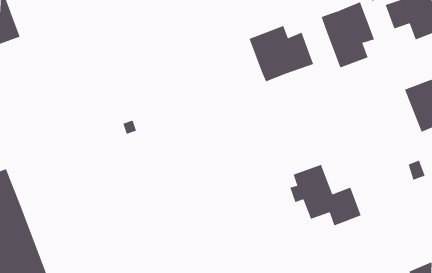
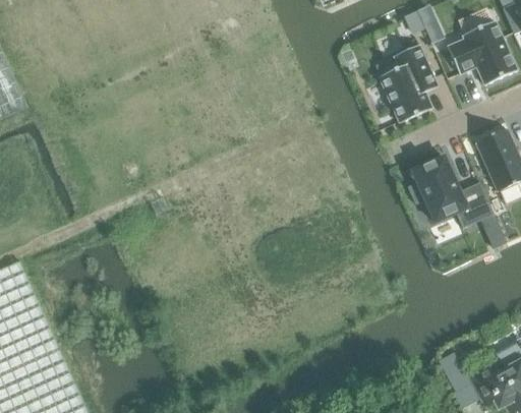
building: [249,25,314,82] -> none
building: [289,164,361,226] -> [408,155,494,226]

